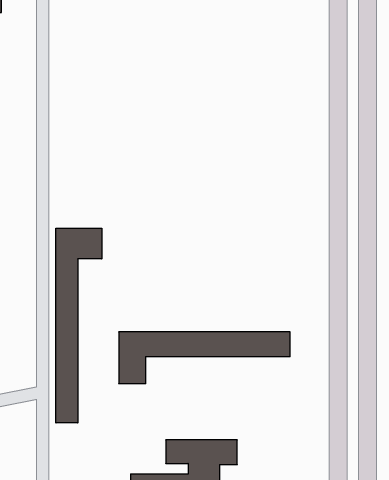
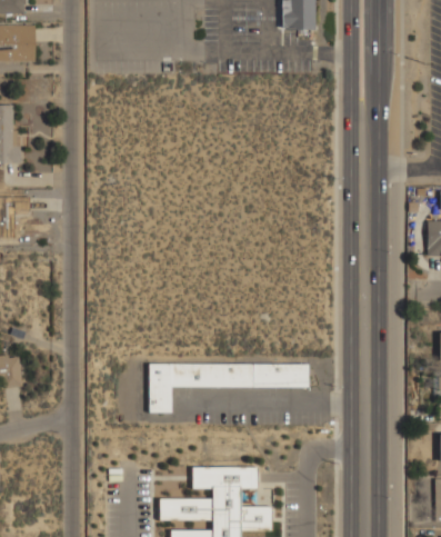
building: [56,228,102,423] -> none

